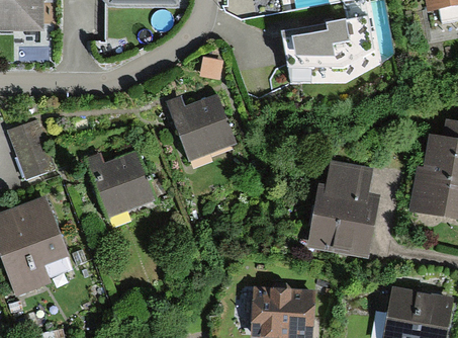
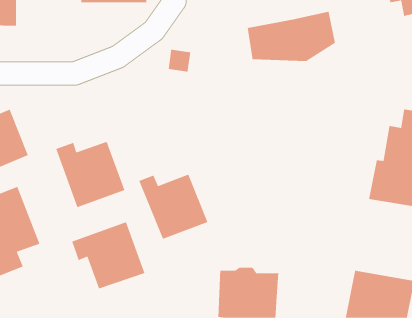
building: [164,94,237,163] -> [138,174,208,240]
building: [305,159,379,256] -> none
building: none -> [71,221,145,290]

